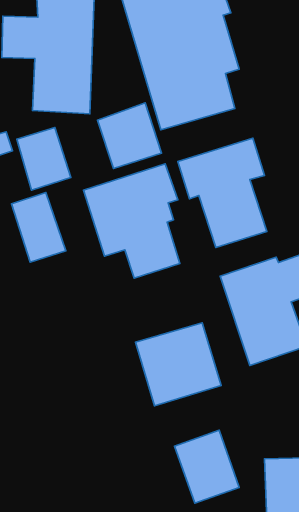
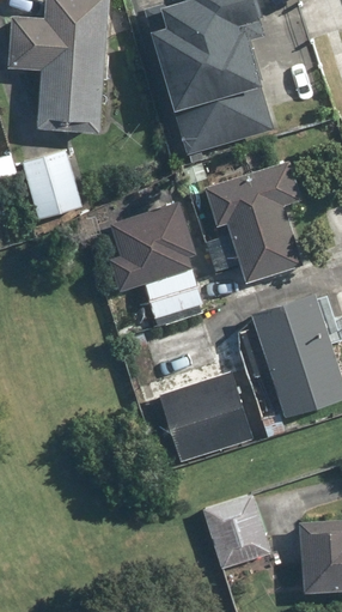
building: [97,103,161,169] -> none
building: [12,192,66,262] -> none

